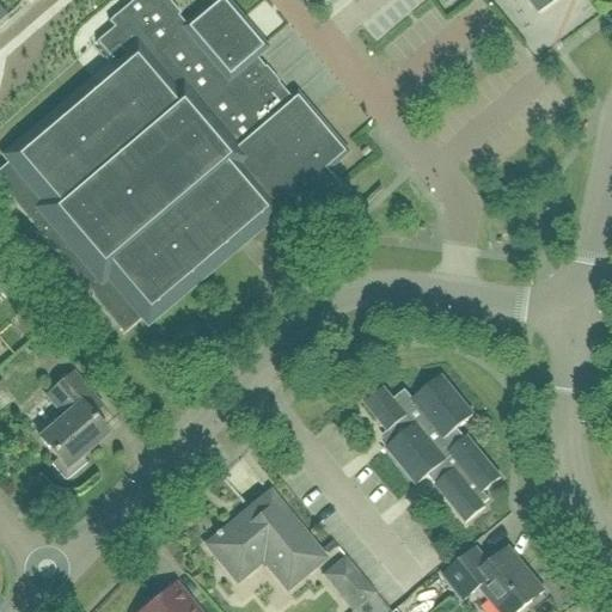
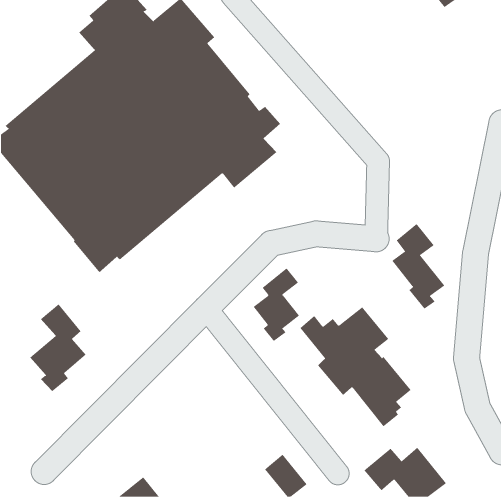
building: none -> [392,223,445,309]
building: none -> [253,267,300,342]
building: [207,489,324,587] -> none

